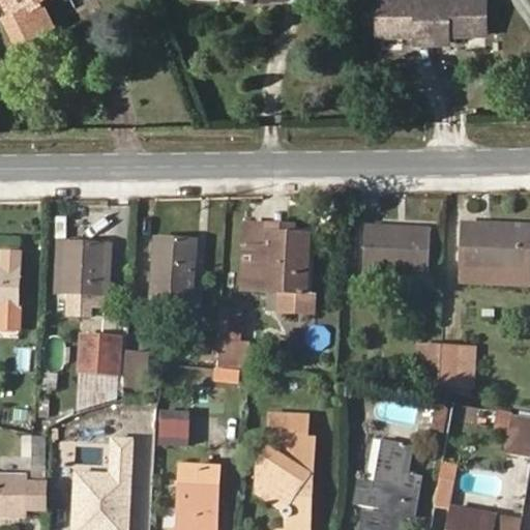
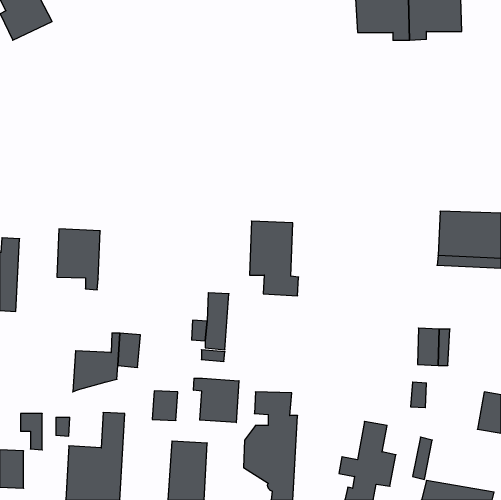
building: [243,222,266,290] -> none
building: [362,225,430,273] -> none
building: [150,236,195,304] -> none
building: [80,335,119,372] -> none
building: [417,345,441,384] -> none
building: none -> [194,378,239,423]

